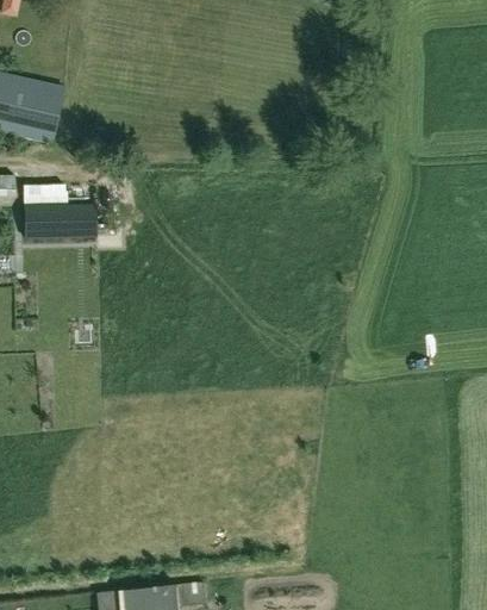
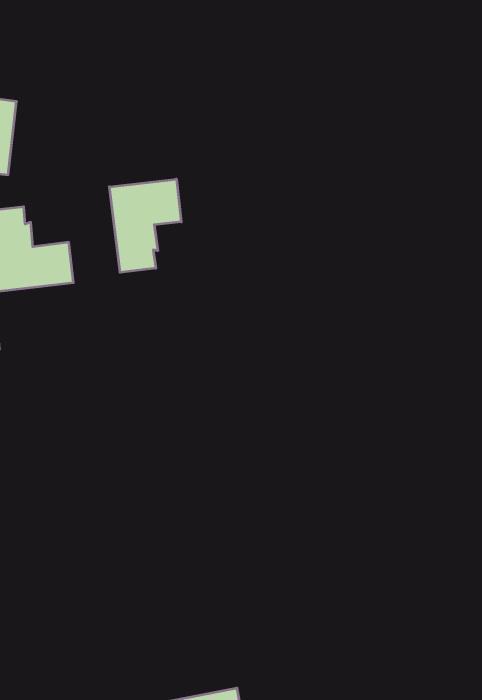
building: none -> [109,179,181,272]

